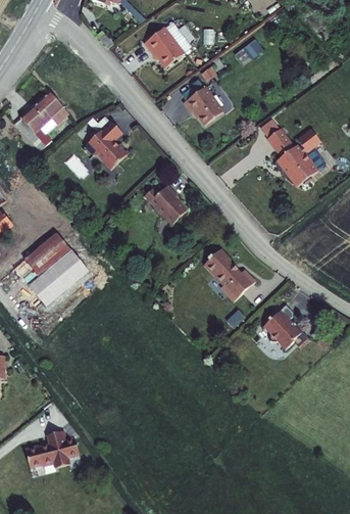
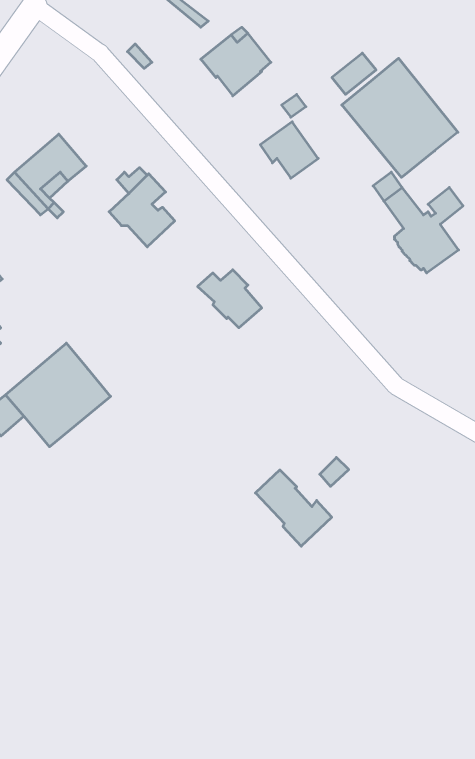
building: none -> [342,58,458,177]
building: [201,248,252,299] -> [255,470,332,546]
building: [260,303,298,347] -> none
building: [26,429,80,466] -> none

